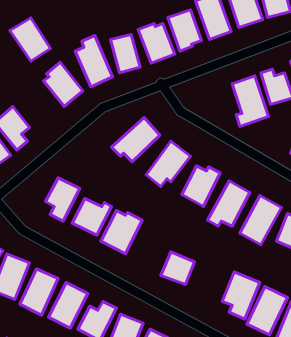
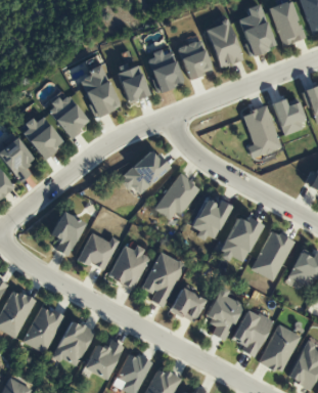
building: [10,18,50,61] -> [21,114,63,159]
building: none -> [142,251,185,307]
building: none -> [206,286,242,341]

